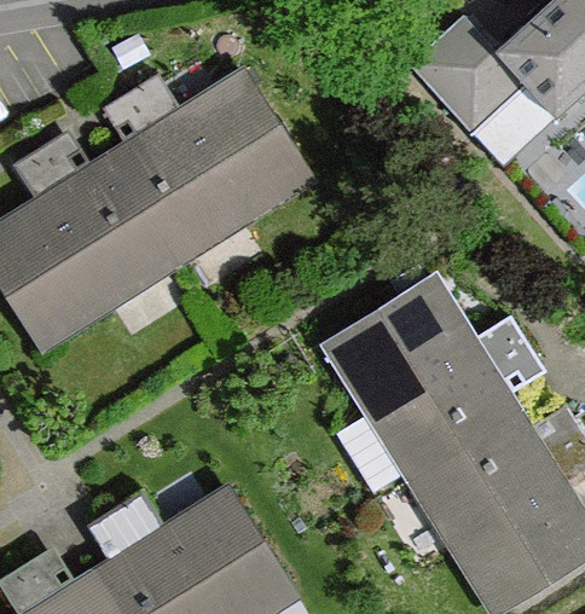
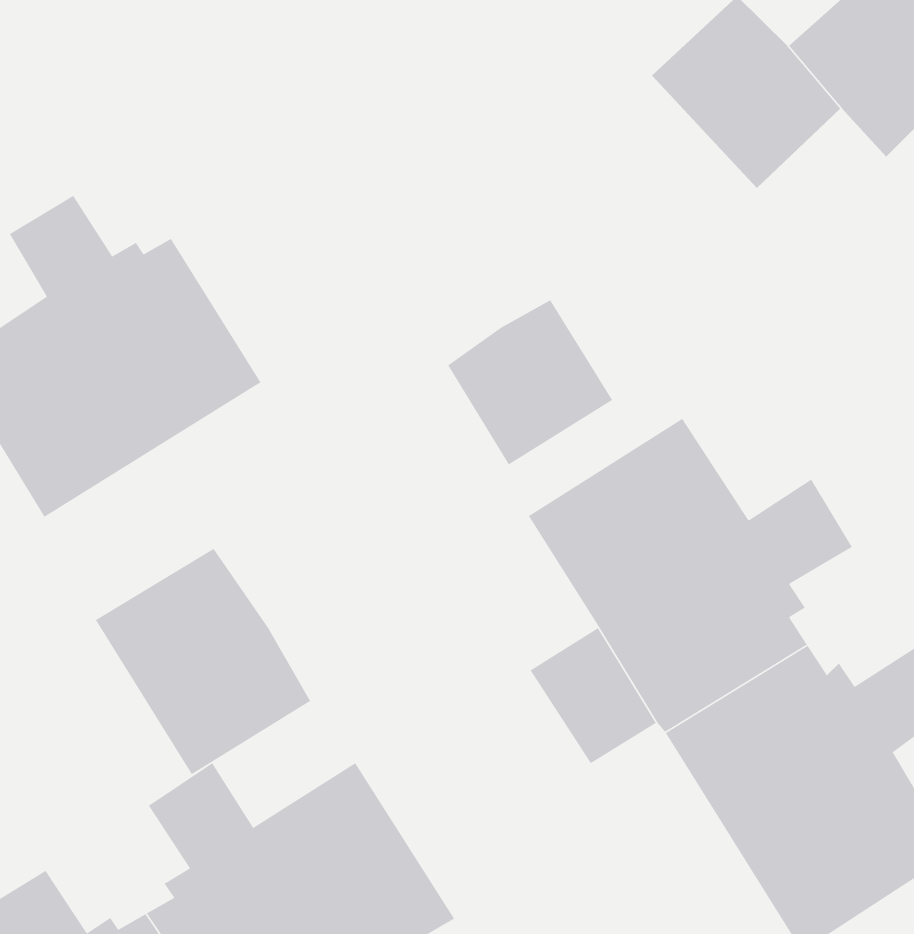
building: [117,77,308,260] -> none
building: none -> [447,299,613,465]
building: none -> [95,548,311,775]

